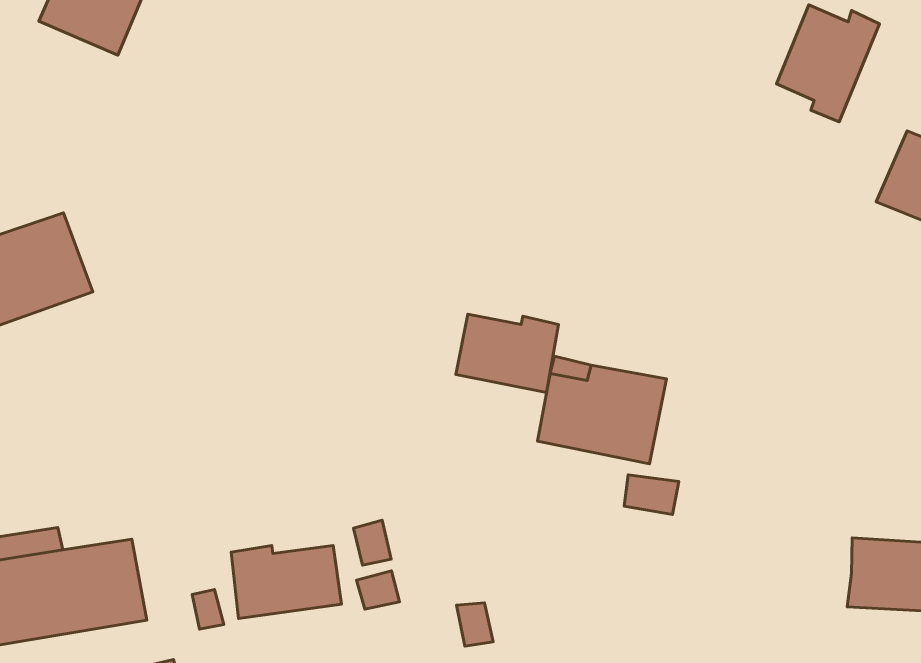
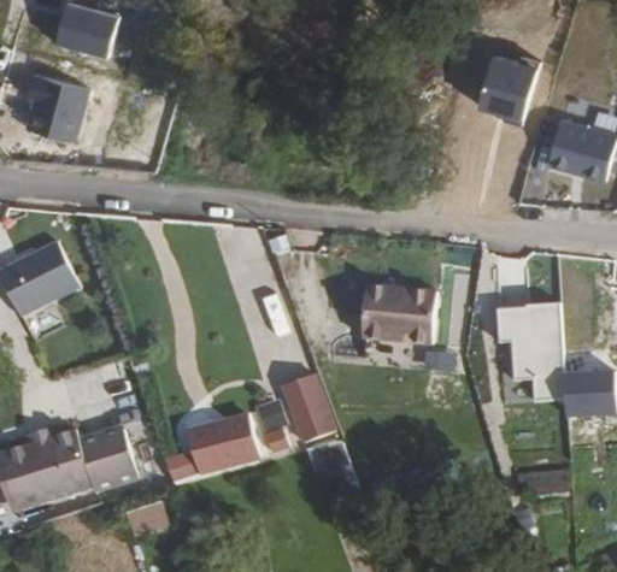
building: [456,314,558,393] -> none
building: none -> [494,302,563,397]
building: none -> [280,376,331,444]

